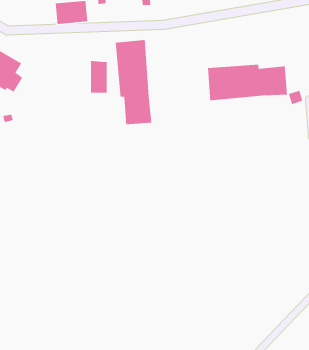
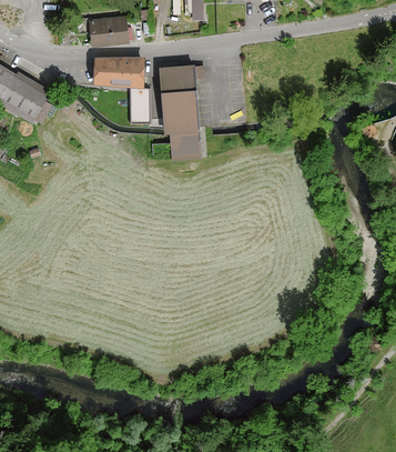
building: none -> [93,60,143,89]
building: [207,64,288,101] -> none

